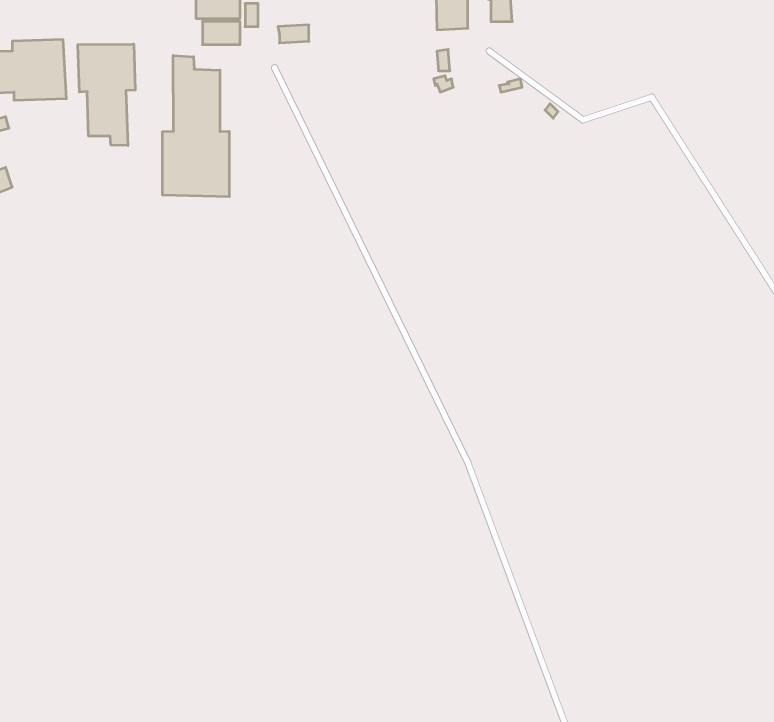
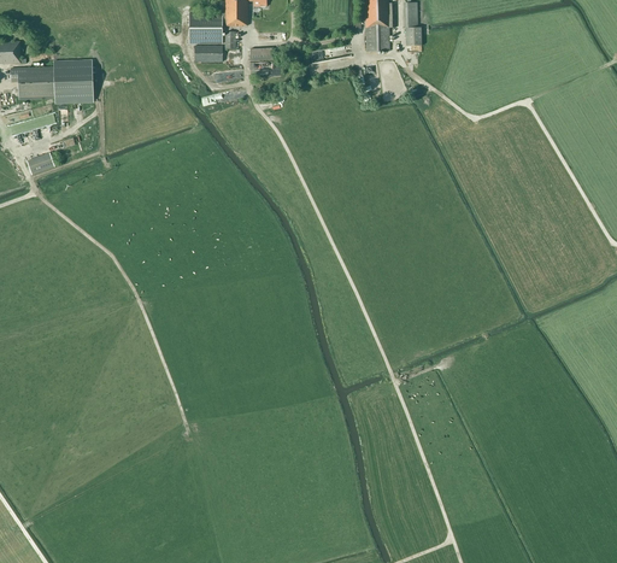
building: [78,44,135,146] -> none
building: [163,55,229,197] -> none

